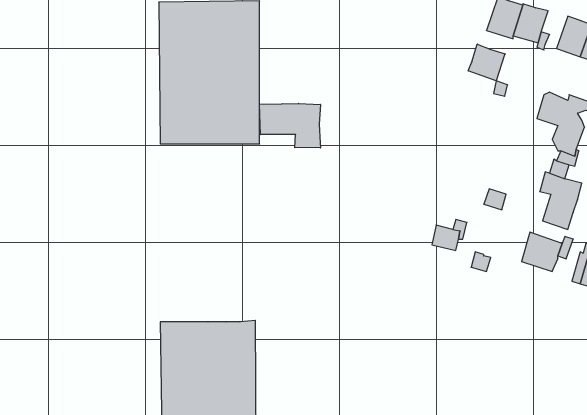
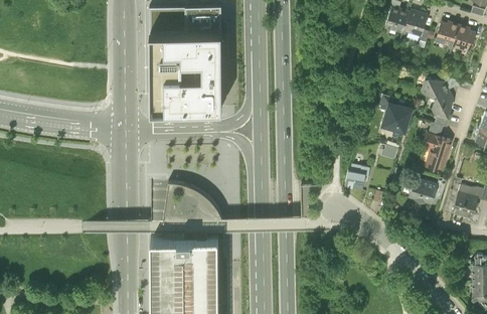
building: [468,44,505,81] -> none
building: [260,103,320,148] -> none
building: none -> [381,102,412,133]

